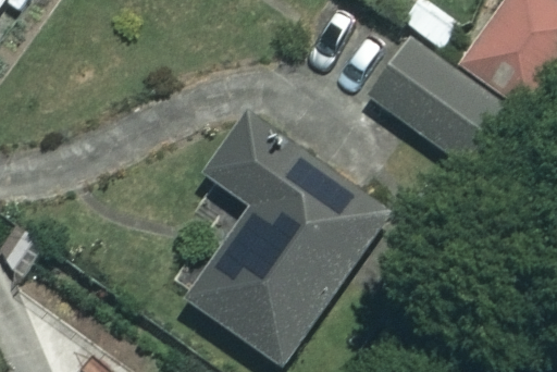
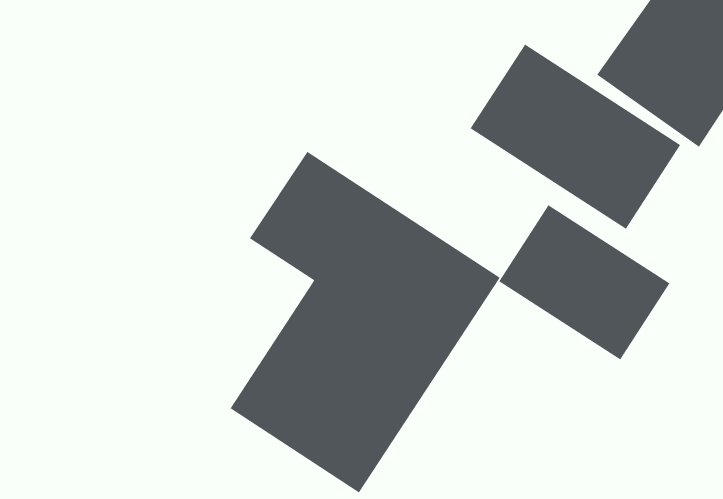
building: none -> [498,204,670,361]

